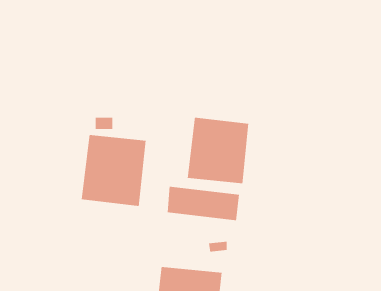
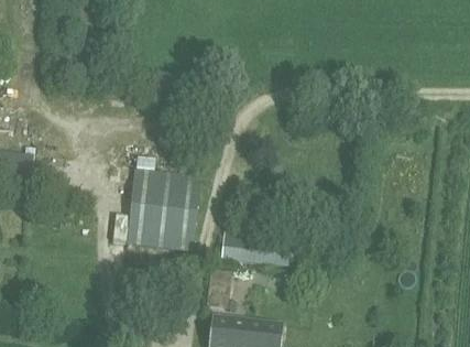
building: [187,117,249,184] -> none

